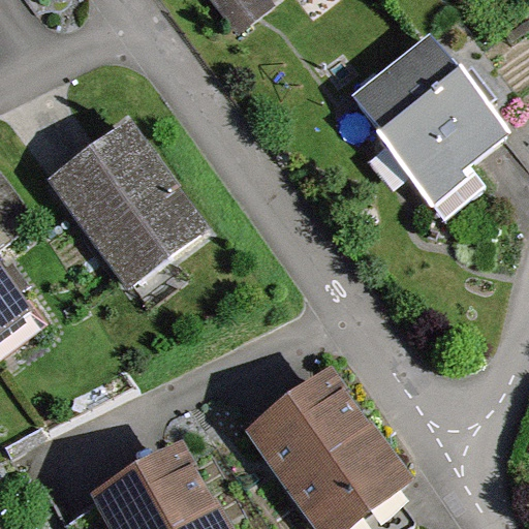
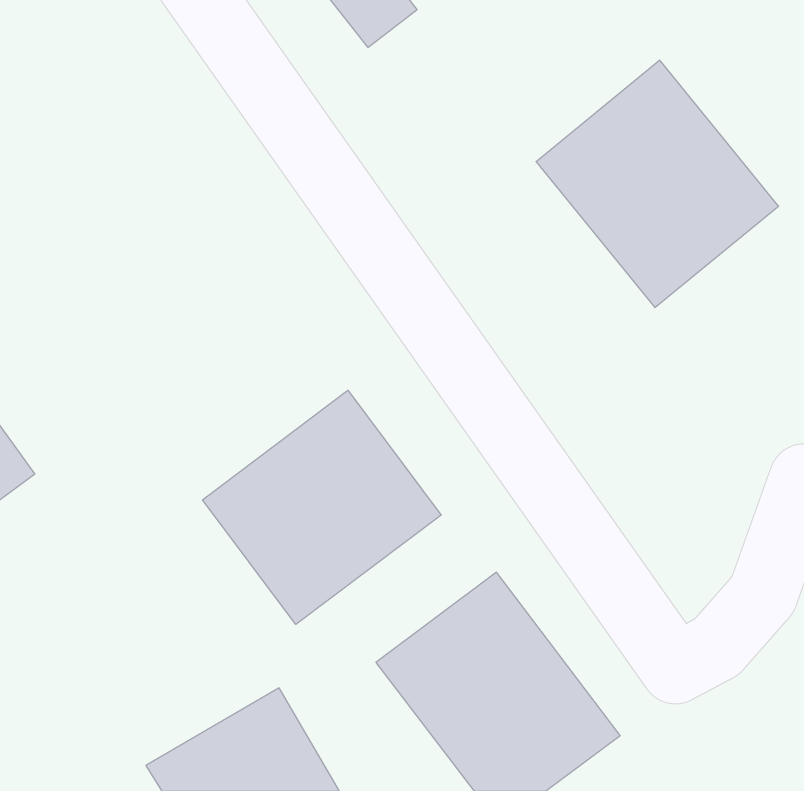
building: [55,121,209,281] -> none
building: none -> [203,390,441,624]

